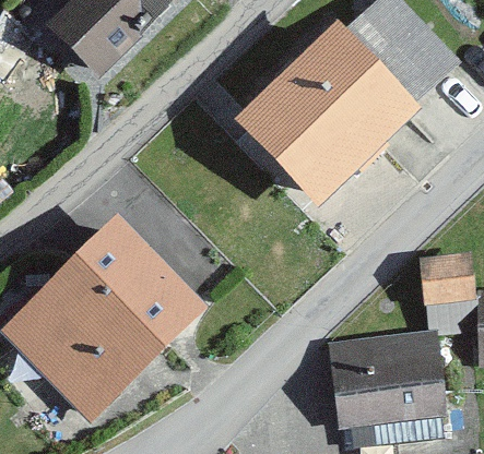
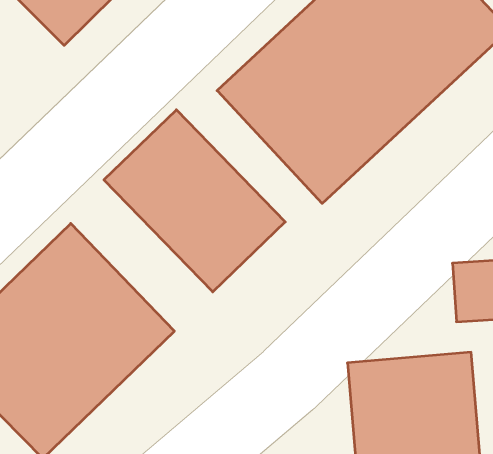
building: none -> [104,110,285,292]

